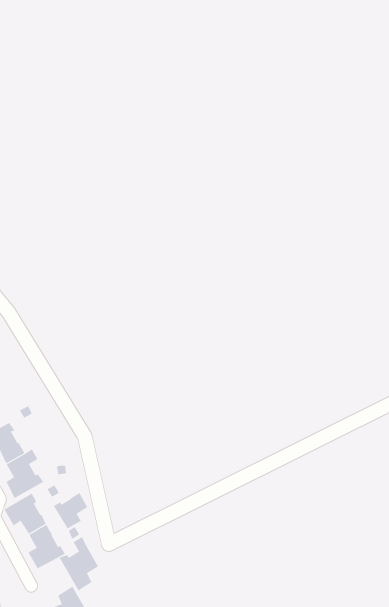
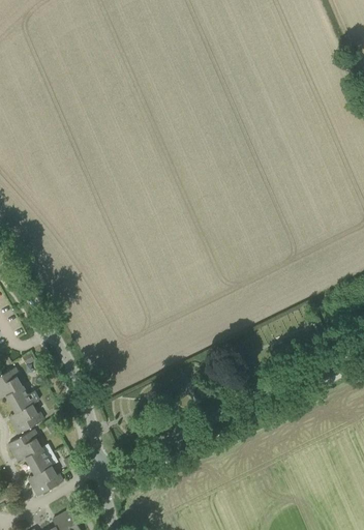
building: [53,492,88,529] -> none
building: [59,536,99,591] -> none

